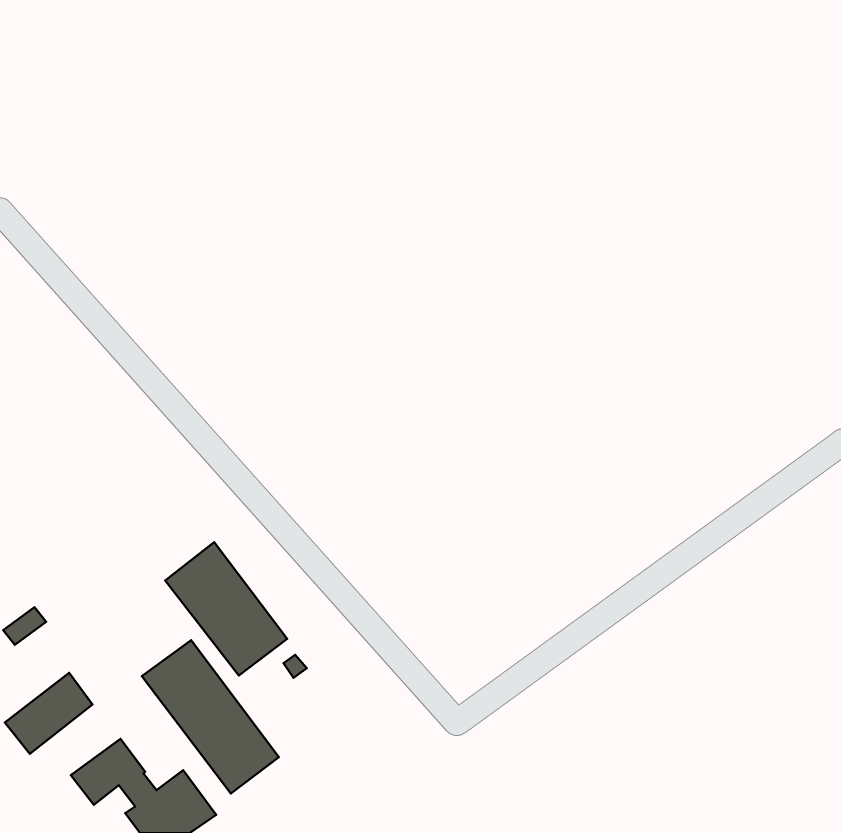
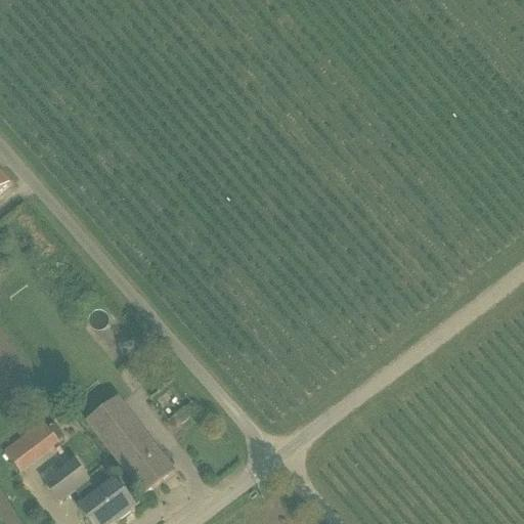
building: [165,542,287,676] -> none

